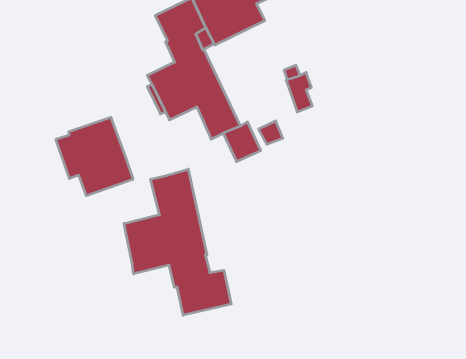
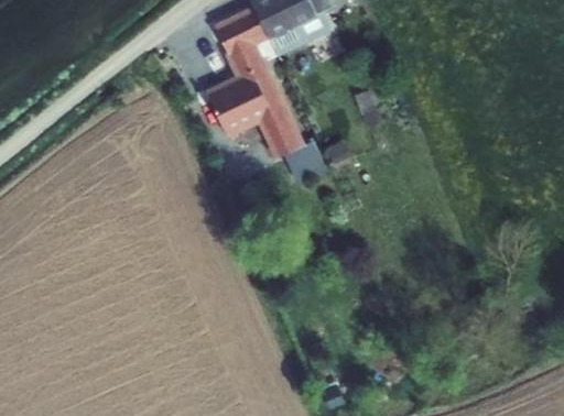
building: [56,117,133,196] -> none
building: [124,169,231,315] -> none

